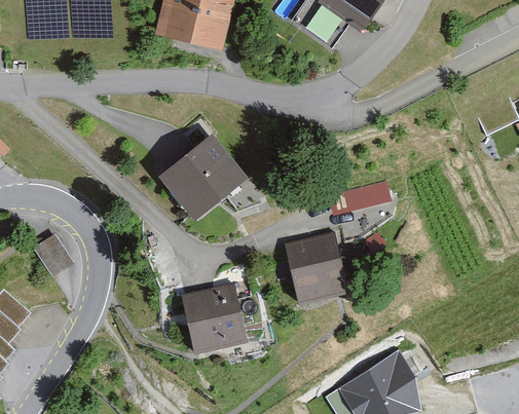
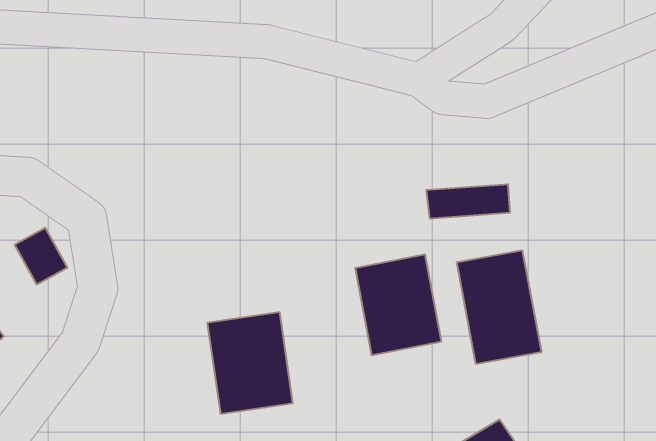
building: [154,131,245,220] -> none
building: none -> [457,250,541,364]

